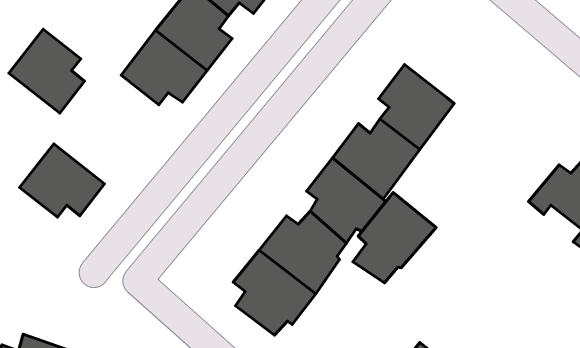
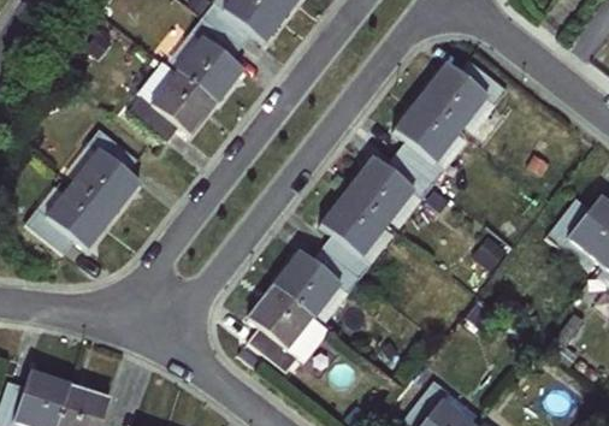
building: none -> [420,57,509,129]
building: [9,29,84,113] -> [63,131,140,217]
building: [353,192,436,283] -> none

